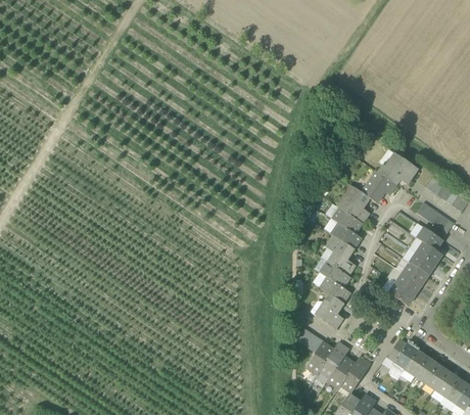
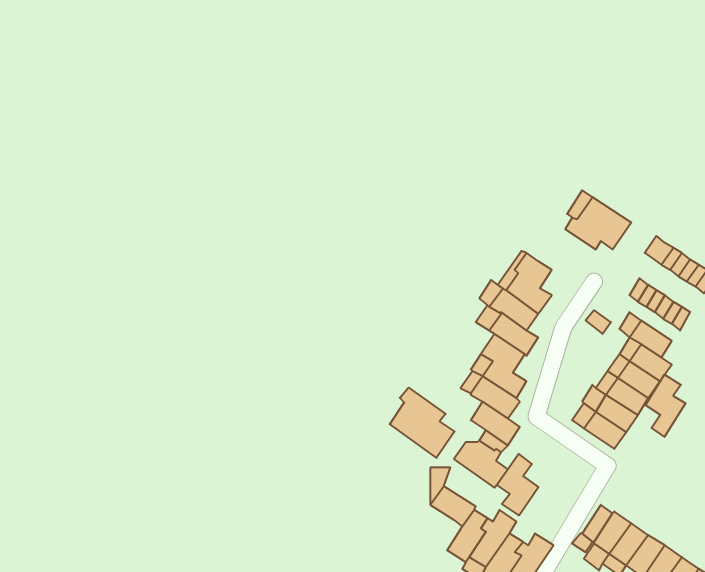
building: [363,171,397,202] -> none
building: none -> [646,375,686,437]
building: none -> [390,388,455,458]
building: none -> [497,454,538,515]

